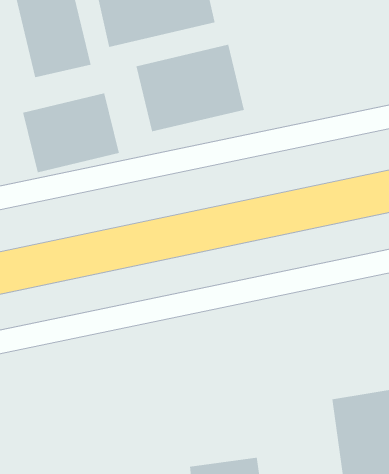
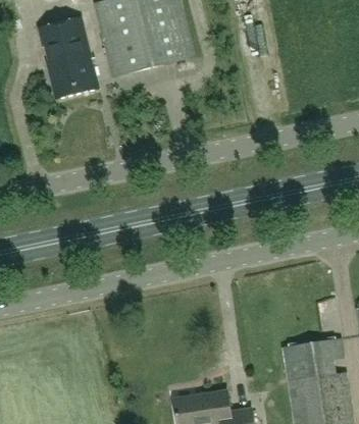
building: [136,44,244,132] -> none
building: [23,93,119,173] -> none

